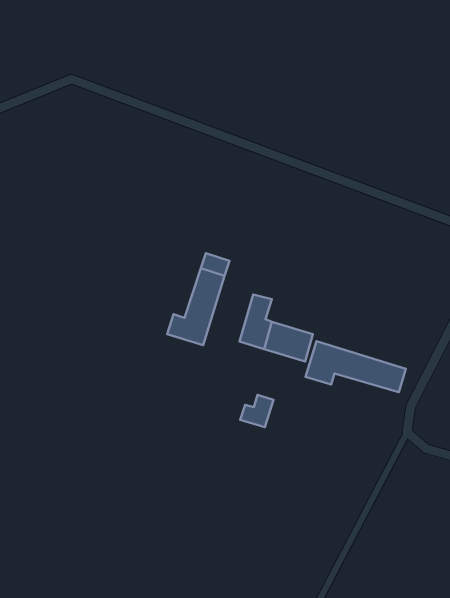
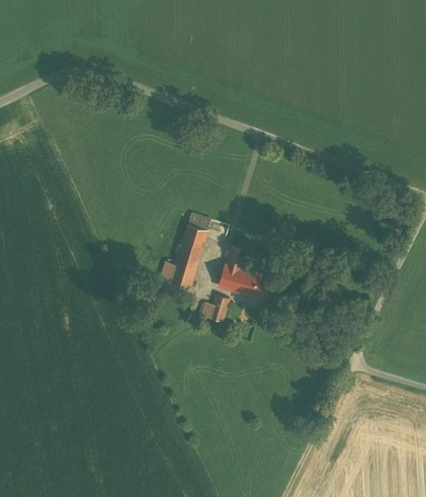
building: [306,341,406,392] -> none
building: [240,395,274,427] -> [201,295,229,321]

